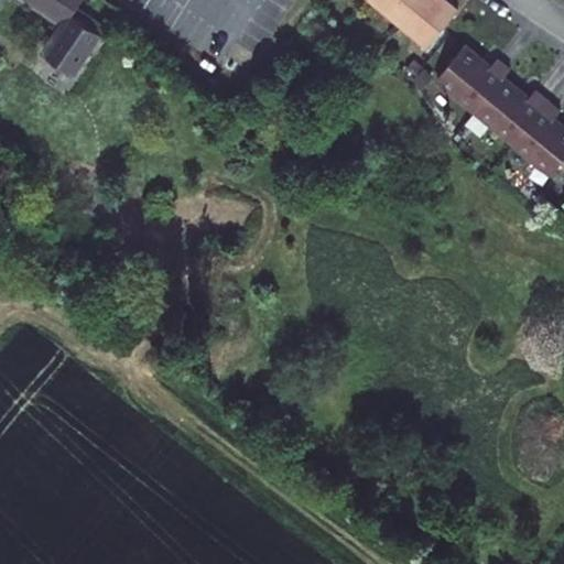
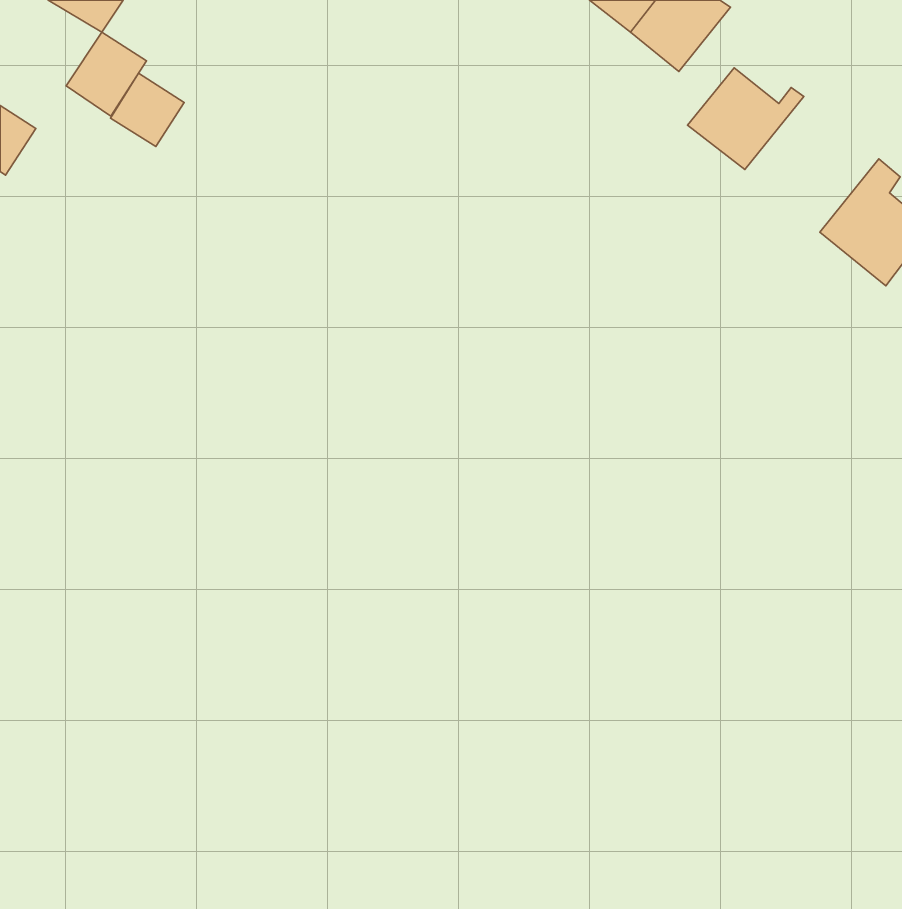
building: none -> [111,73,184,146]
building: [466,62,549,145] -> none

